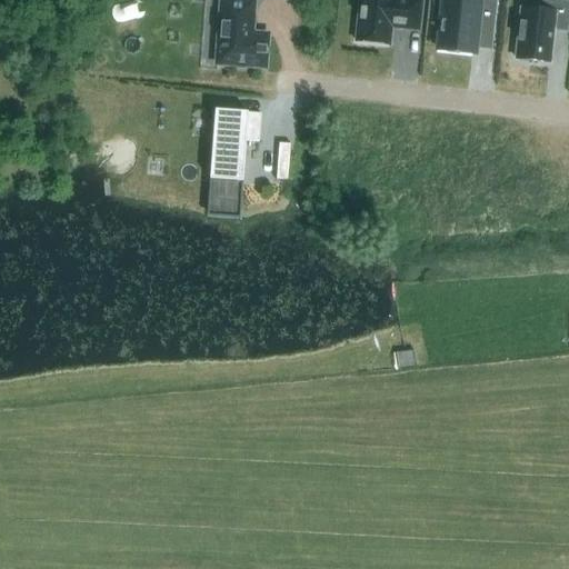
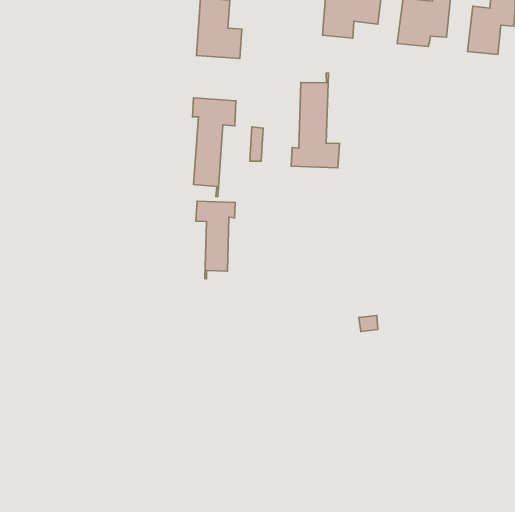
building: none -> [291,73,340,168]
building: none -> [196,201,235,279]

